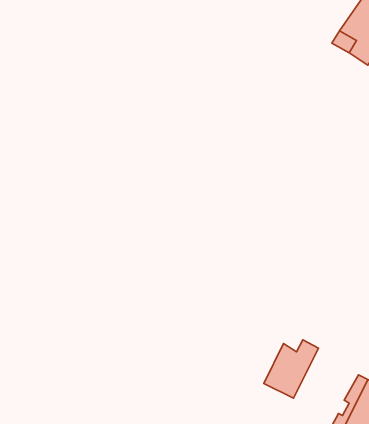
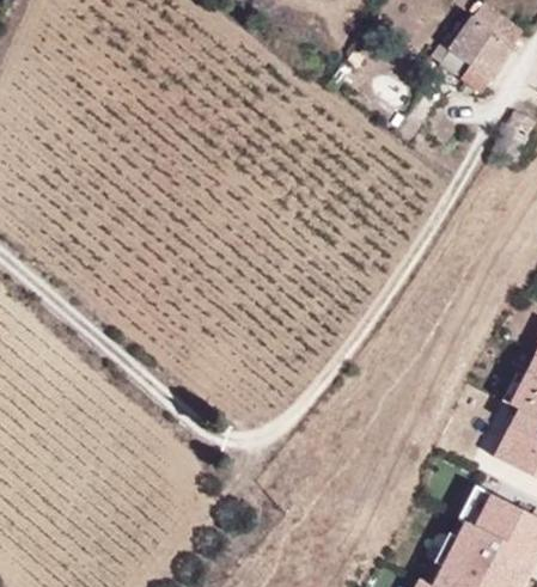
building: [264,340,319,398] -> none

